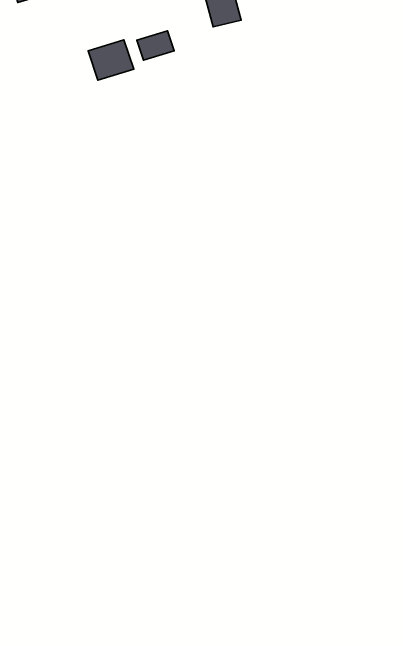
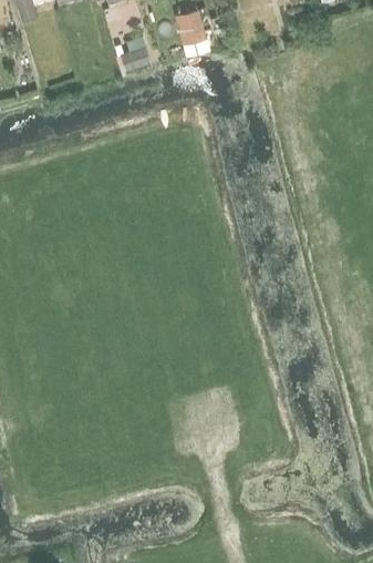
building: [88,40,134,80] -> none

